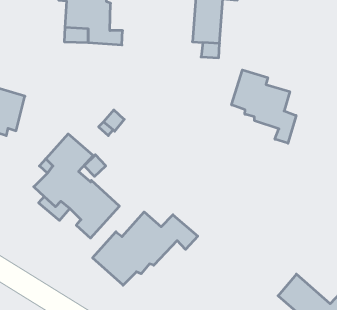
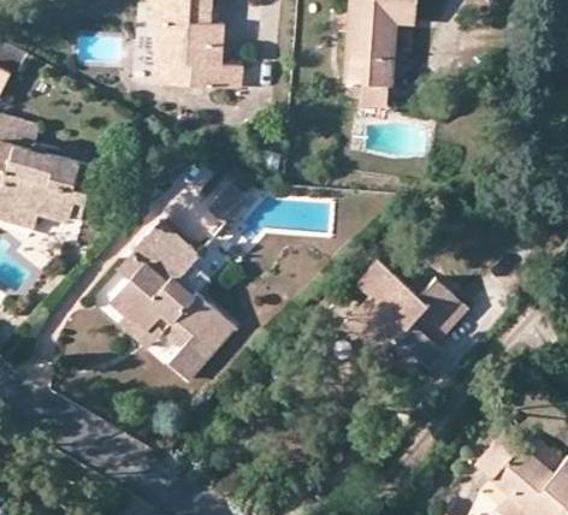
building: [232,70,296,143] -> none
building: none -> [343,262,466,372]
building: [93,212,198,285] -> none

